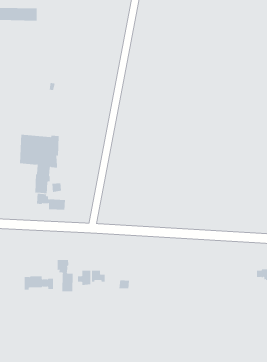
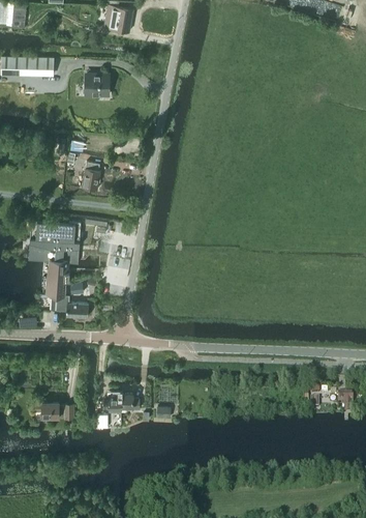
building: none -> [84,74,109,95]
building: none -> [81,162,99,190]
building: [57,259,73,292] -> none

